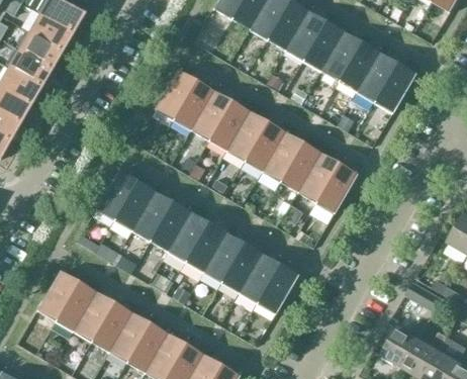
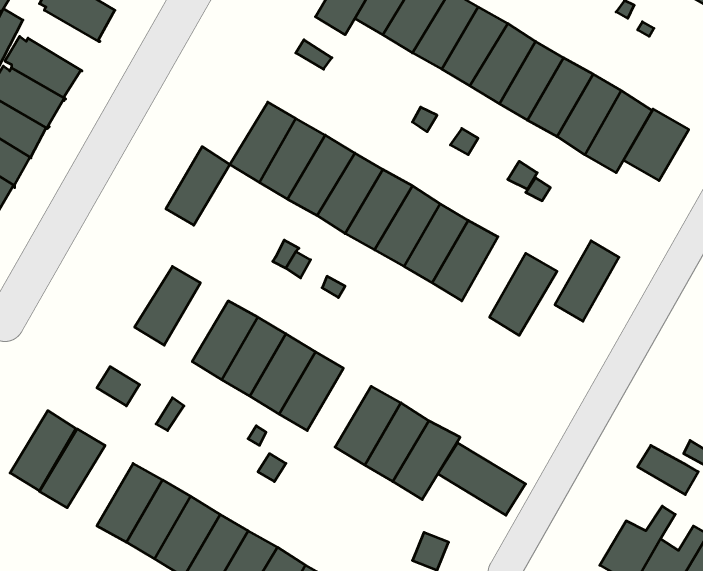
building: [30,13,74,51] -> none
building: none -> [623,109,689,181]
building: [297,153,337,202] -> [555,241,619,321]
building: [114,181,154,229] -> [166,147,230,225]
building: [202,233,242,282] -> none
building: none -> [438,443,526,515]
building: [55,281,95,330] -> [10,411,76,491]

